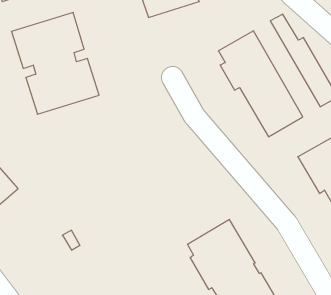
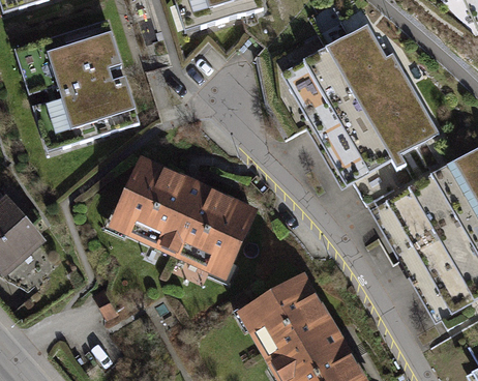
building: none -> [332,29,415,148]
building: none -> [119,159,255,266]

